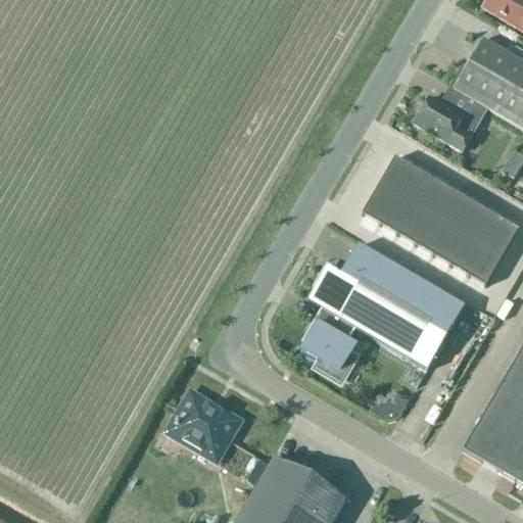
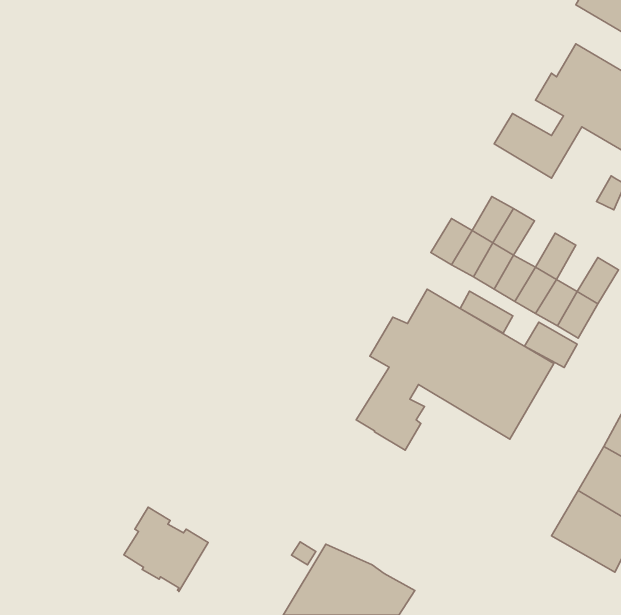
building: [380,154,414,193] -> none
building: [432,185,467,224] -> none
building: [468,205,503,244] -> none
building: none -> [460,291,513,333]
building: none -> [525,322,577,368]
building: [172,389,242,460] -> [124,507,208,591]

